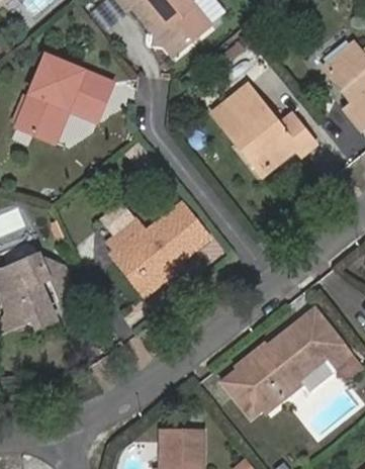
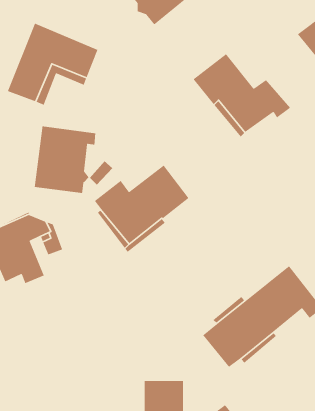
building: none -> [34,126,96,194]

